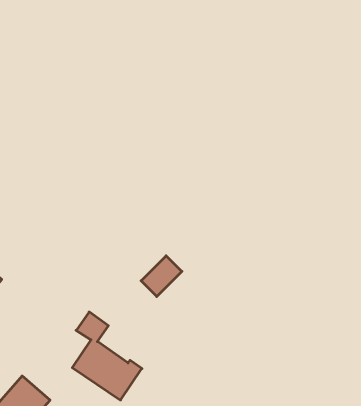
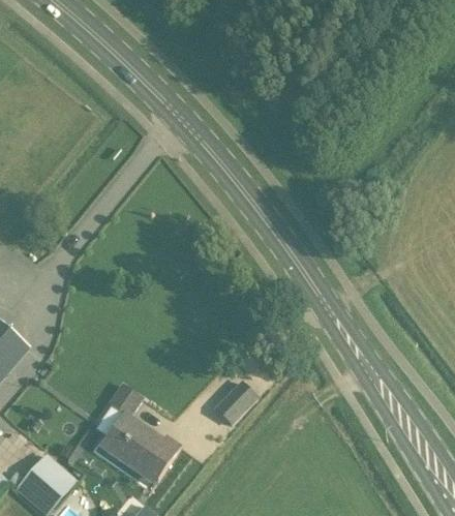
building: [141,256,182,297] -> [212,380,257,425]

